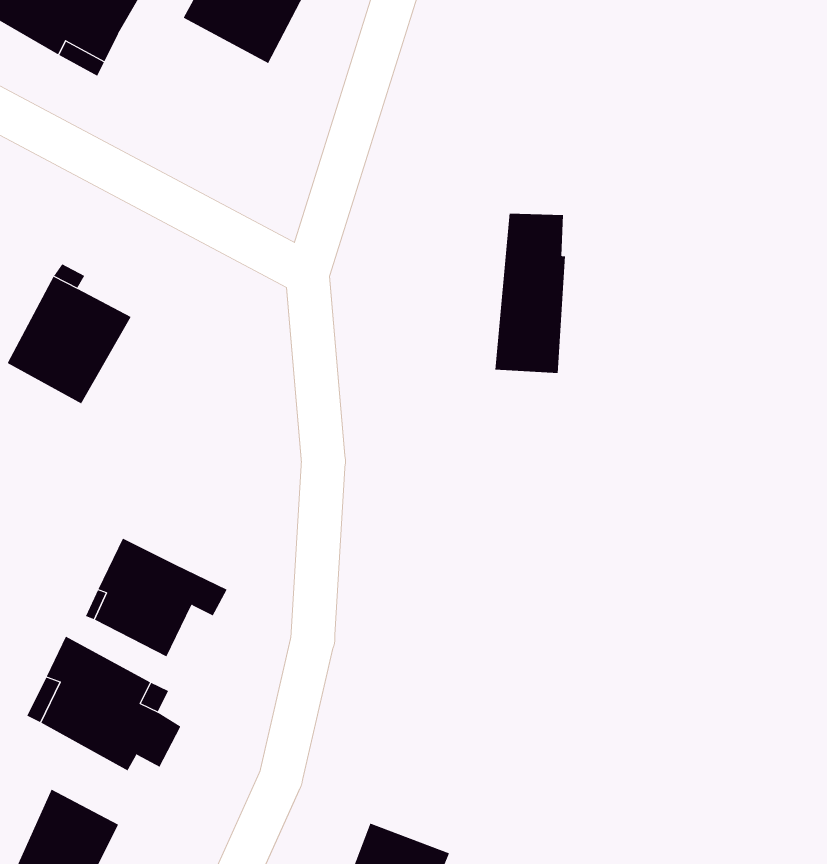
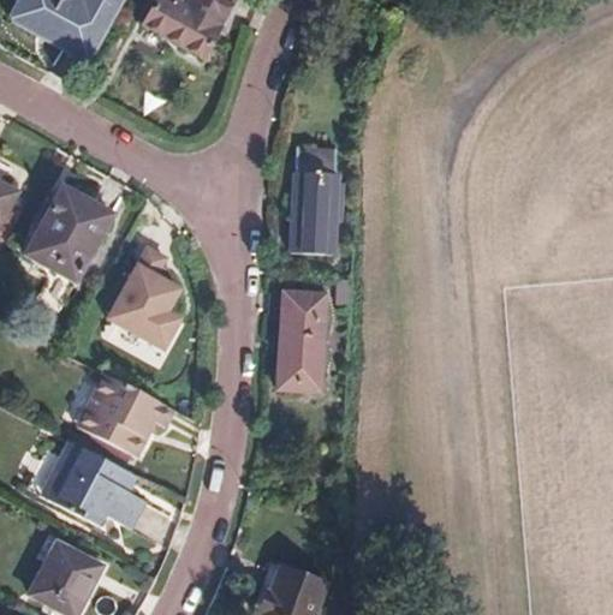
building: [495,213,566,373] -> [290,144,338,252]
building: none -> [109,249,183,348]
building: none -> [280,291,326,389]

